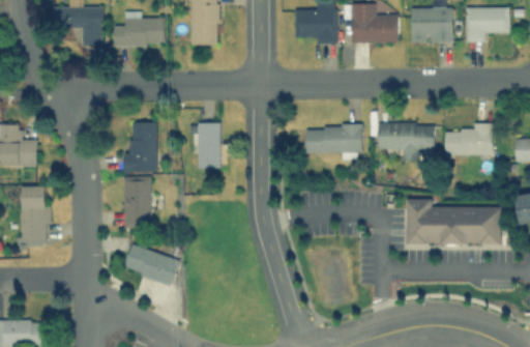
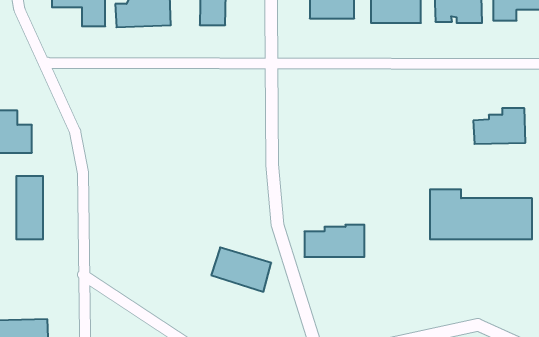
building: [123,122,155,172] -> none
building: [196,123,219,169] -> none
building: [379,123,435,156] -> none
building: [305,124,361,154] -> [304,225,364,257]
building: [123,178,149,228] -> none
building: [123,244,179,286] -> [211,247,271,292]

